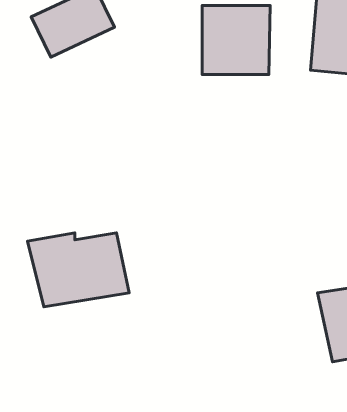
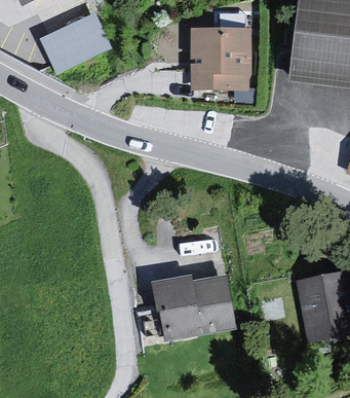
building: [28,233,129,307] -> [149,277,239,342]

